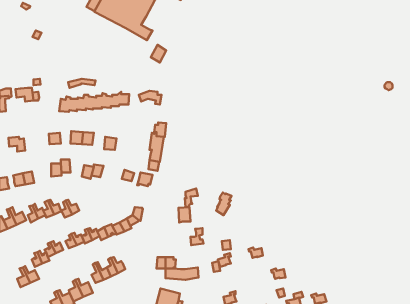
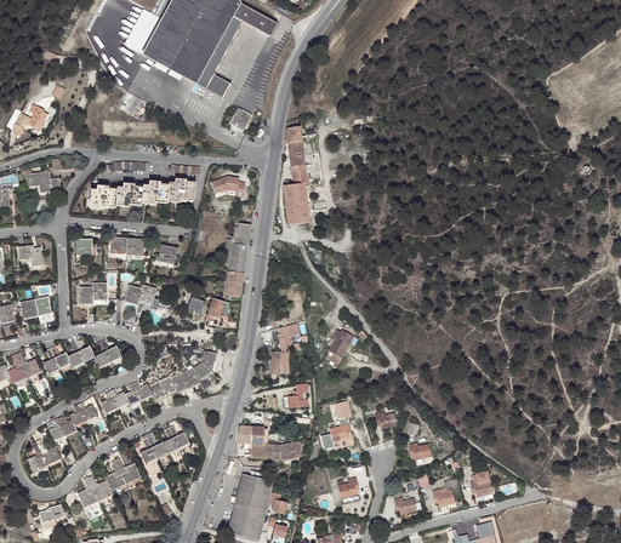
building: none -> [12,104,49,137]
building: none -> [281,125,317,224]

